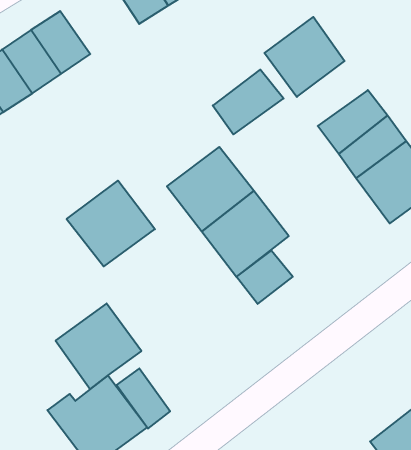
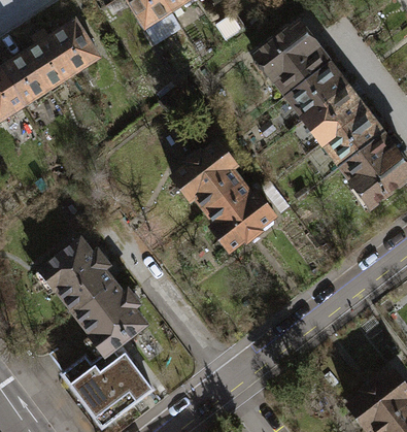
building: [213,70,284,134] -> [285,62,348,120]
building: [67,181,155,266] -> [38,234,116,310]
building: [236,251,293,304] -> none
building: [116,368,170,429] -> none

